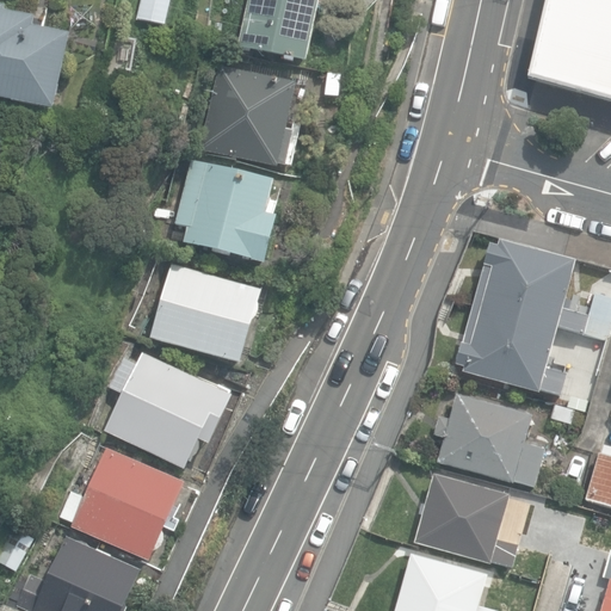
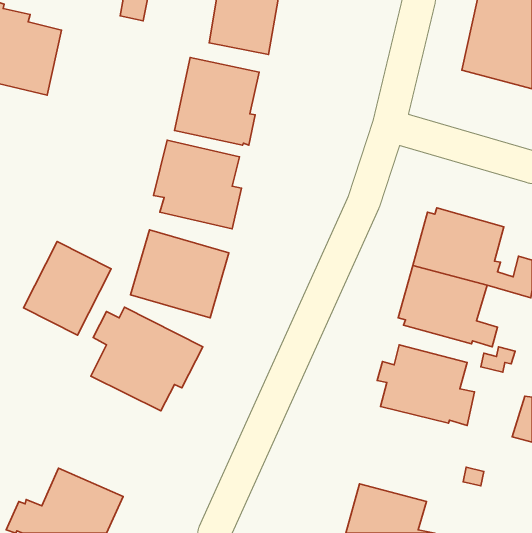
building: none -> [24,242,111,335]
building: [60,445,185,561] -> none
building: [414,474,517,566] -> none

